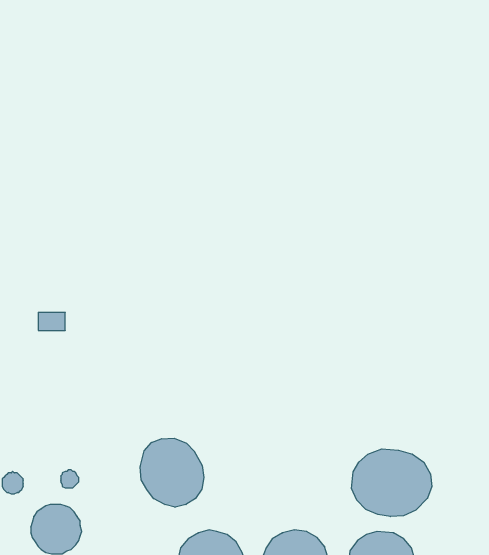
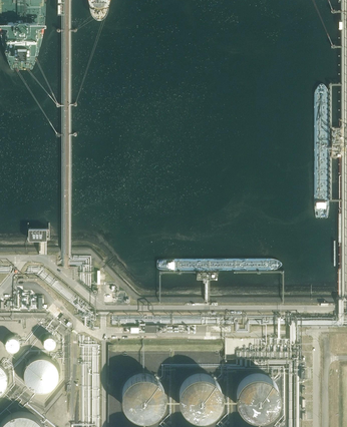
building: [140,438,204,507] -> none
building: [352,449,432,517] -> none

